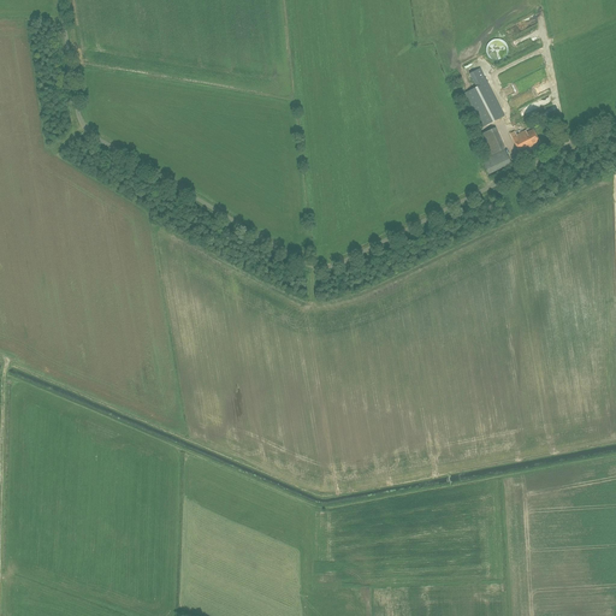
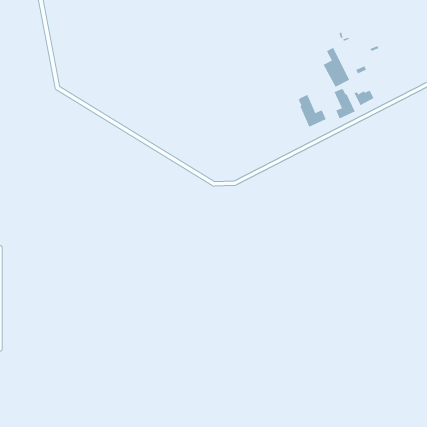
building: none -> [298,94,327,128]

